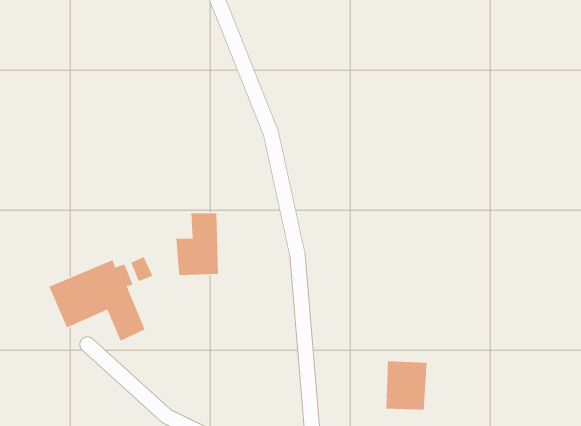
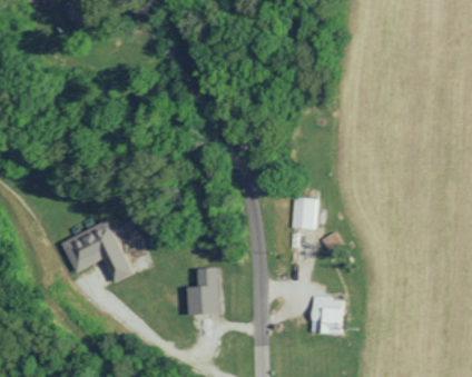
building: [175,213,219,276] -> [187,268,219,315]
building: none -> [292,198,316,229]

